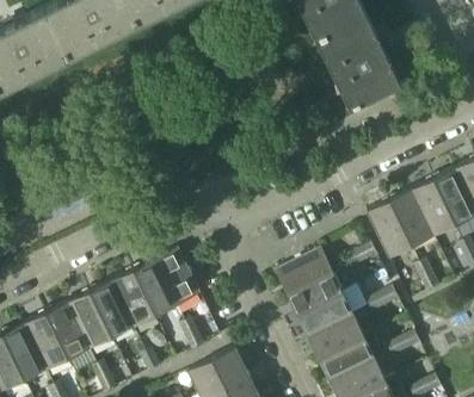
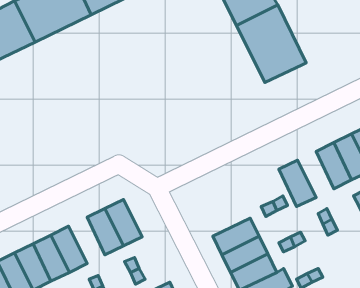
building: [389,191,433,247] -> none
building: [275,248,332,293] -> none
building: [111,271,155,327] -> none

